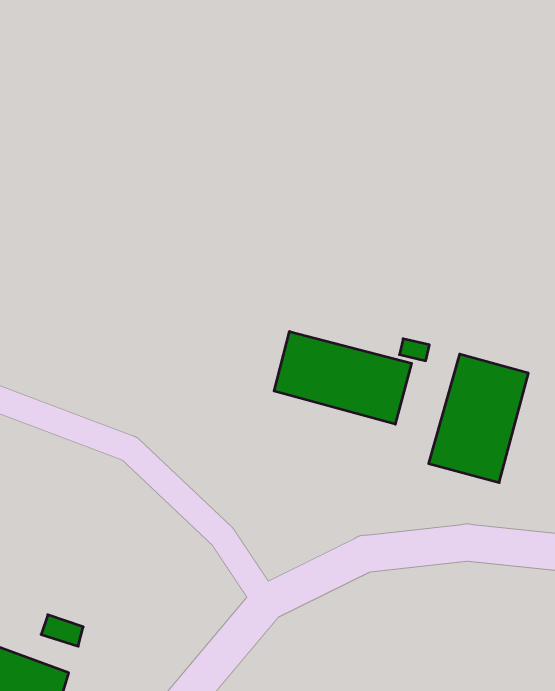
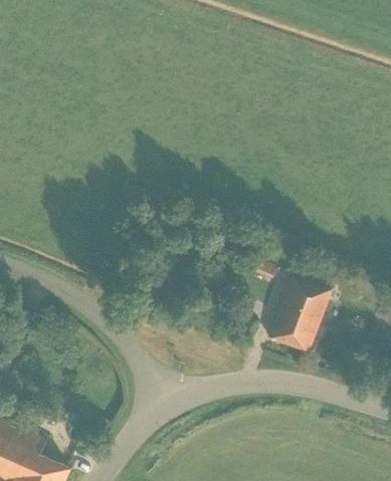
building: [274,331,412,424] -> none

